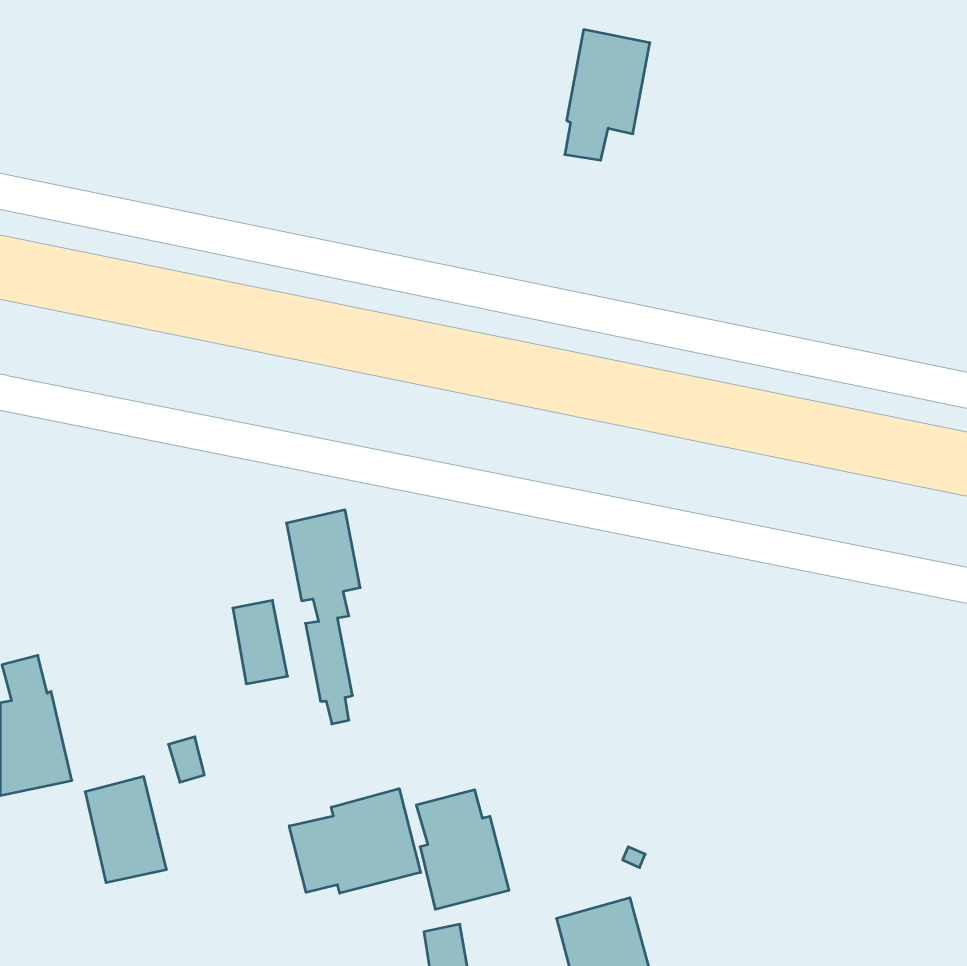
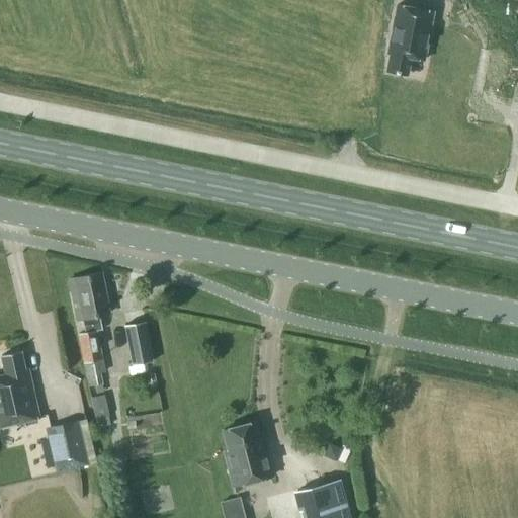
building: [565,30,650,160] -> [387,5,433,75]
building: [286,510,360,724] -> [69,273,108,387]
building: [289,789,421,893] -> none

